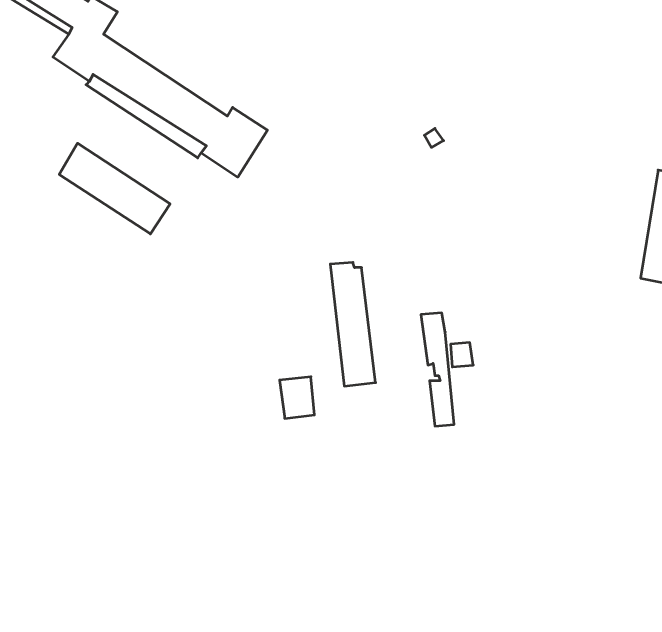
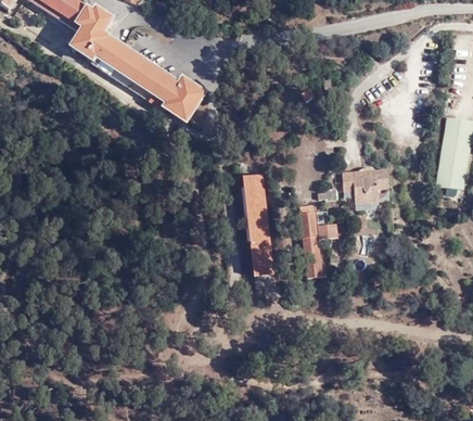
building: [59,143,170,234] -> none
building: none -> [342,168,388,200]
building: [280,377,314,418] -> [252,247,273,273]

